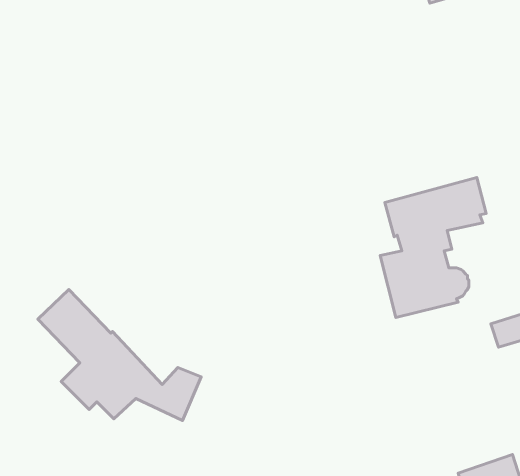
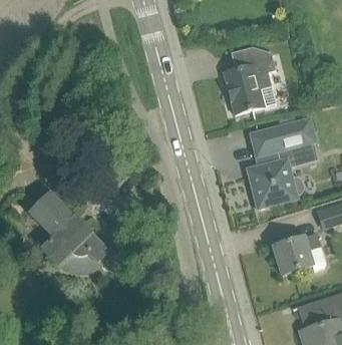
building: none -> [223,45,276,113]
building: none -> [272,232,325,275]

